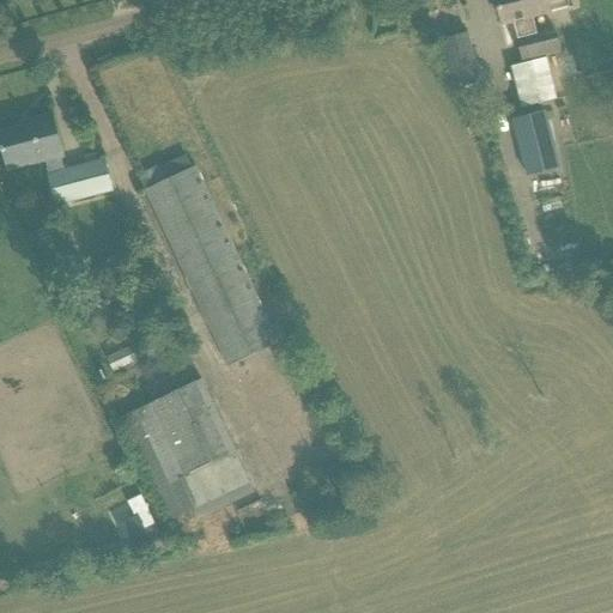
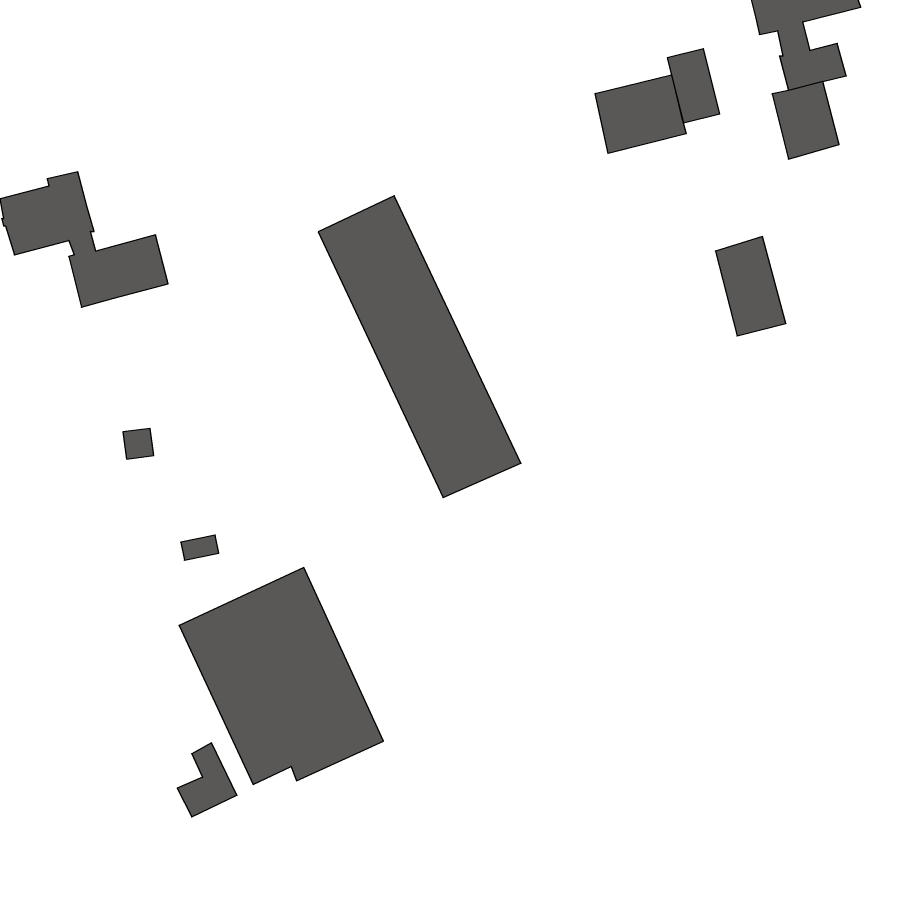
building: none -> [595,75,686,153]
building: [512,108,559,174] -> [715,237,786,336]
building: [144,164,278,364] -> [318,196,521,498]

